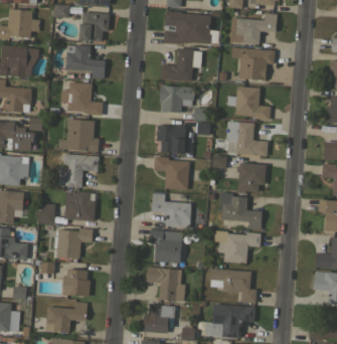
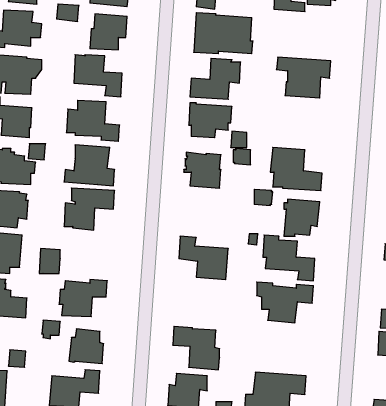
building: [229,13,277,44] -> none
building: [226,87,270,120] -> none
building: [153,157,189,190] -> none
building: [63,191,95,221] -> none
building: [149,229,182,264] -> none
building: [209,269,257,303] -> none

